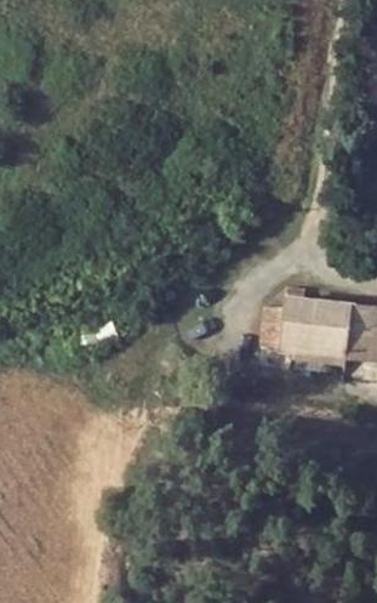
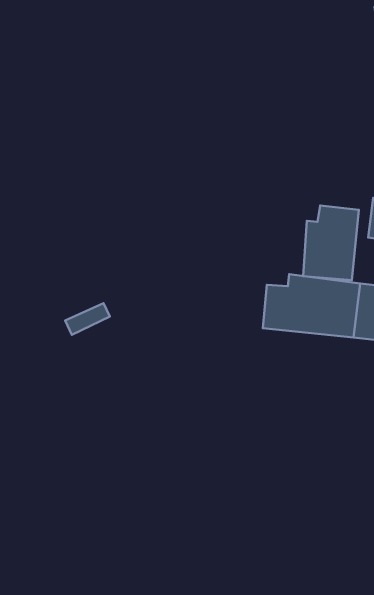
building: none -> [303,206,359,280]

